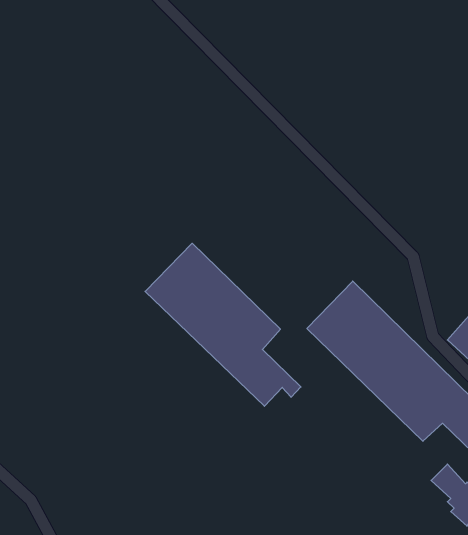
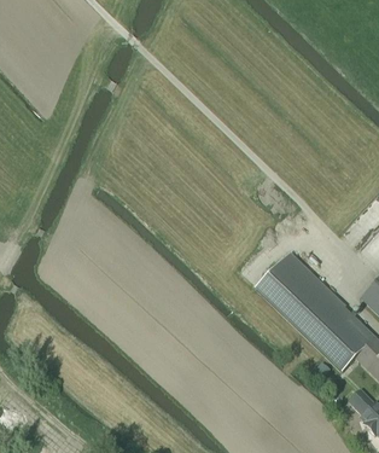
building: [145,243,301,406] -> none

